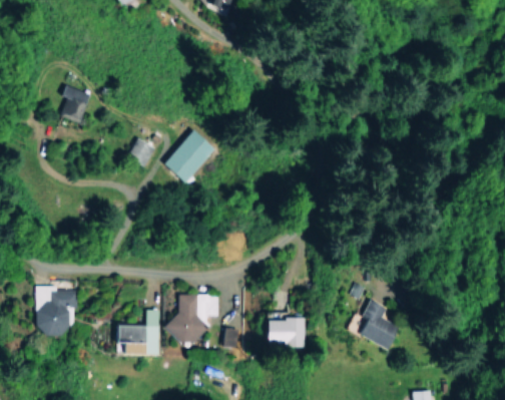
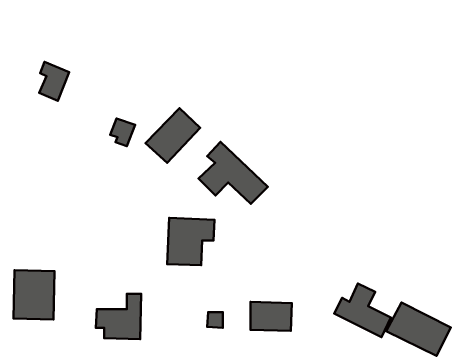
building: none -> [199,142,268,204]
building: [172,294,218,340] -> [167,218,215,265]
building: none -> [386,303,451,356]

